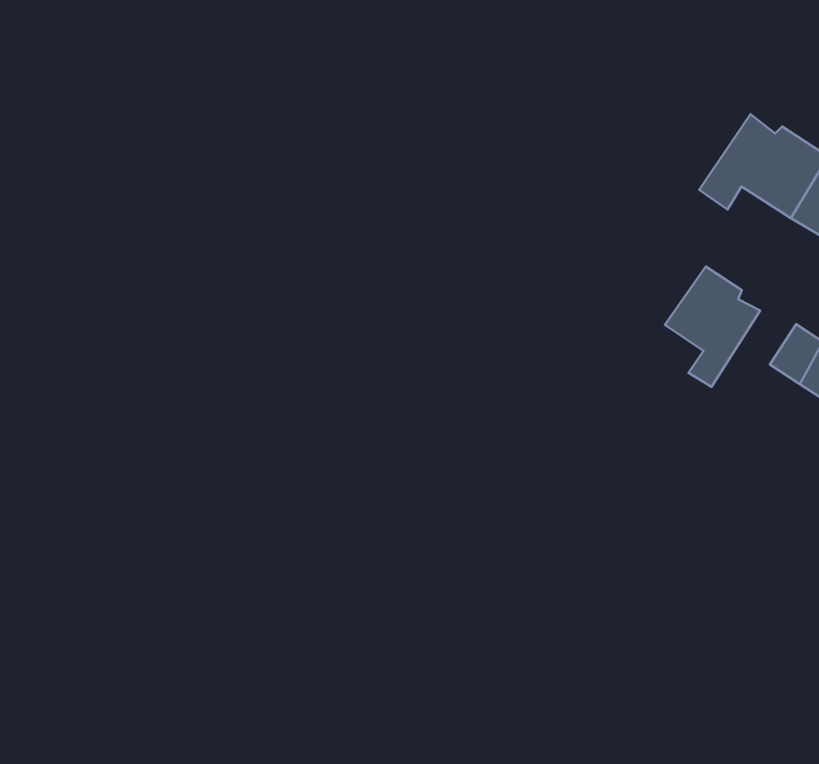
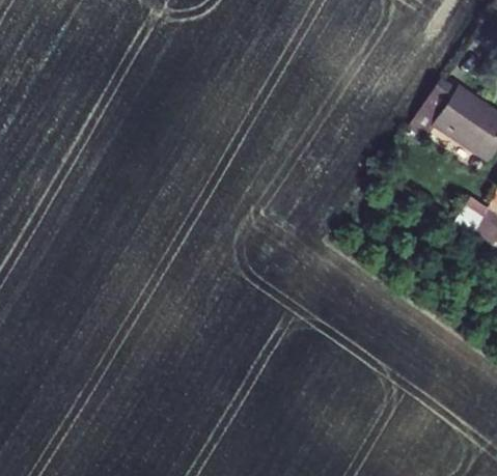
building: [665,267,760,387] -> none

